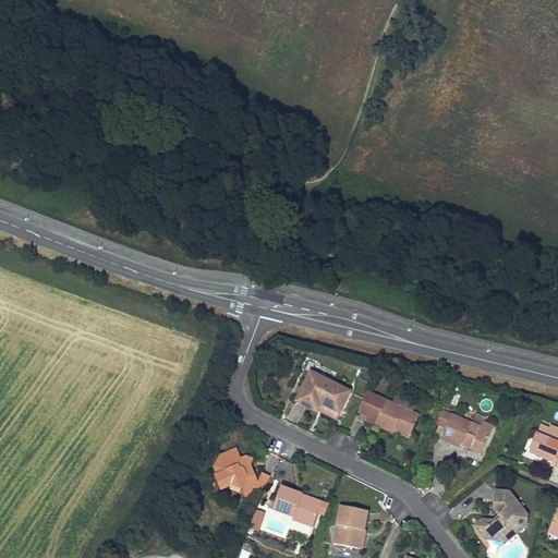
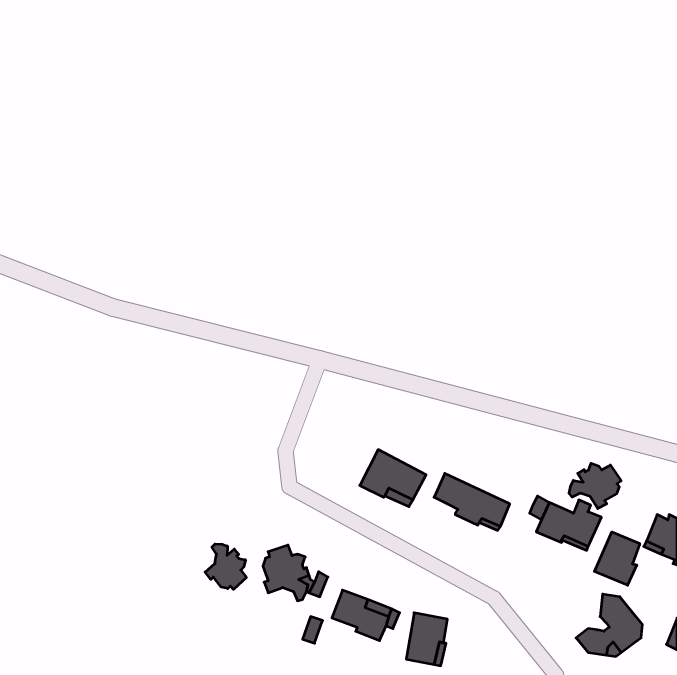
building: none -> [569,463,621,509]
building: none -> [594,532,640,585]
building: none -> [205,544,246,589]

